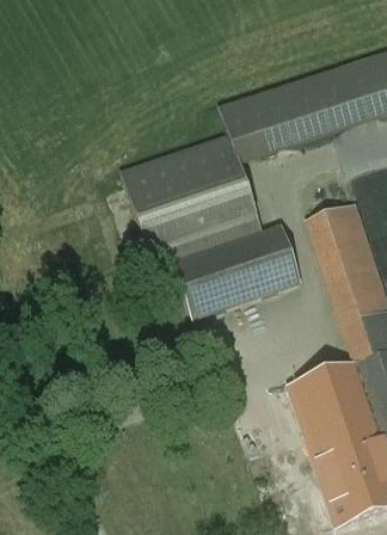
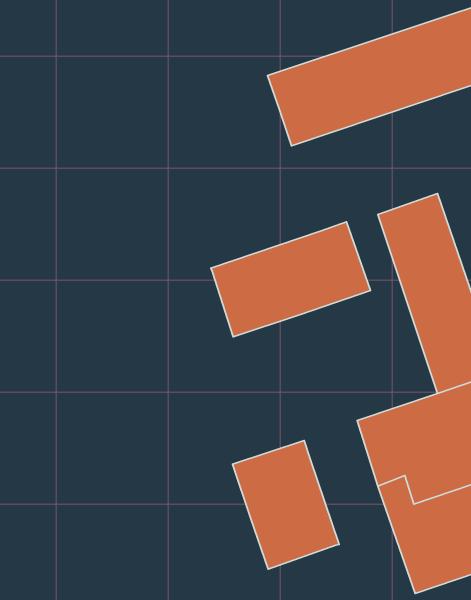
building: [122,135,262,270] -> none
building: none -> [232,440,339,569]

